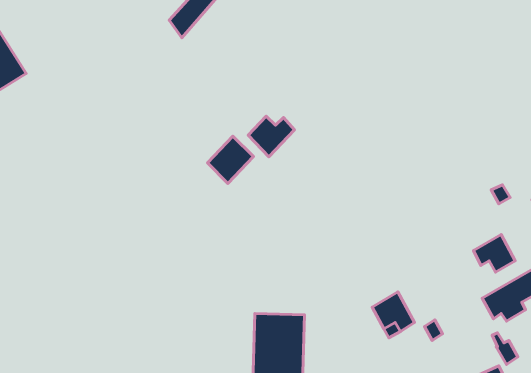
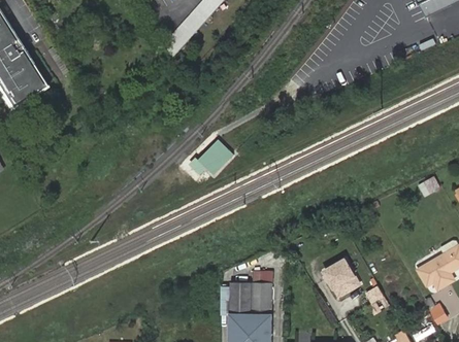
building: [248,116,295,157] -> none
building: [473,235,515,272] -> none

